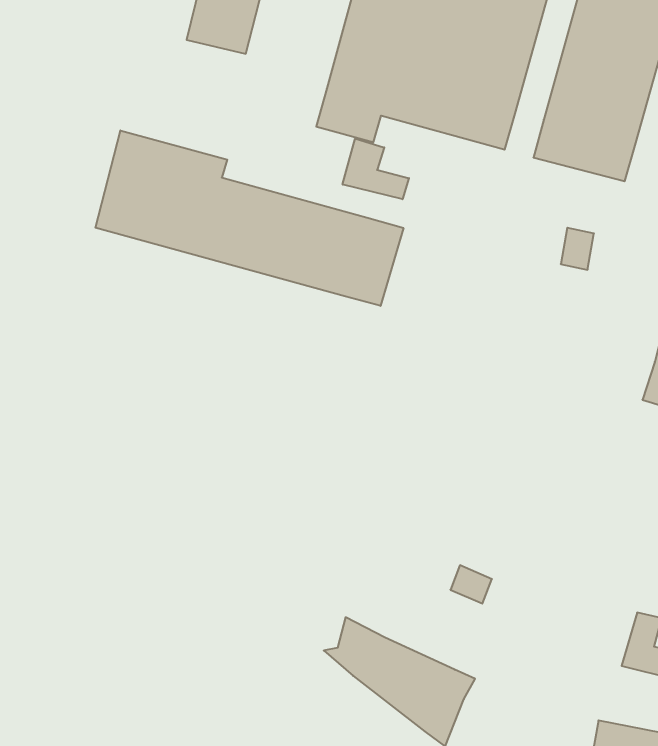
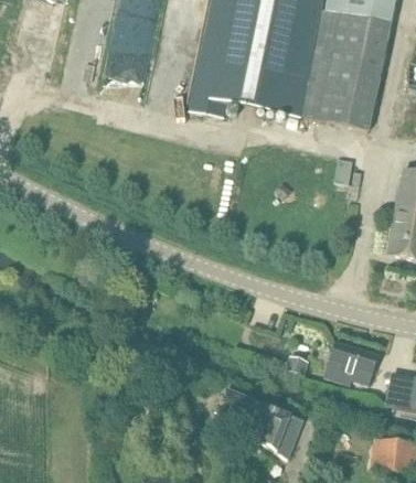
building: [95,130,403,306] -> none
building: [343,139,409,199] -> none
building: none -> [324,341,378,384]

